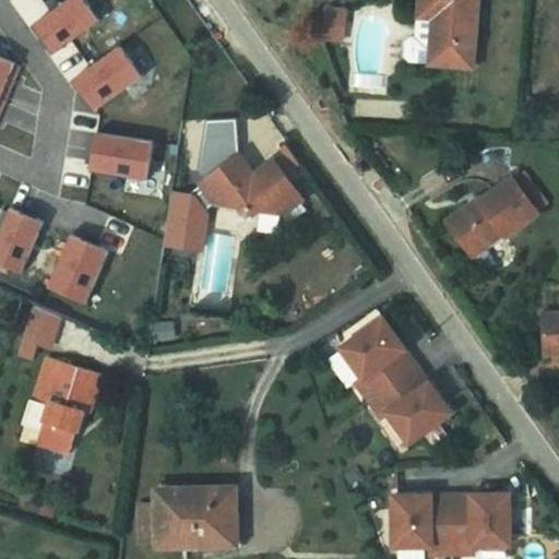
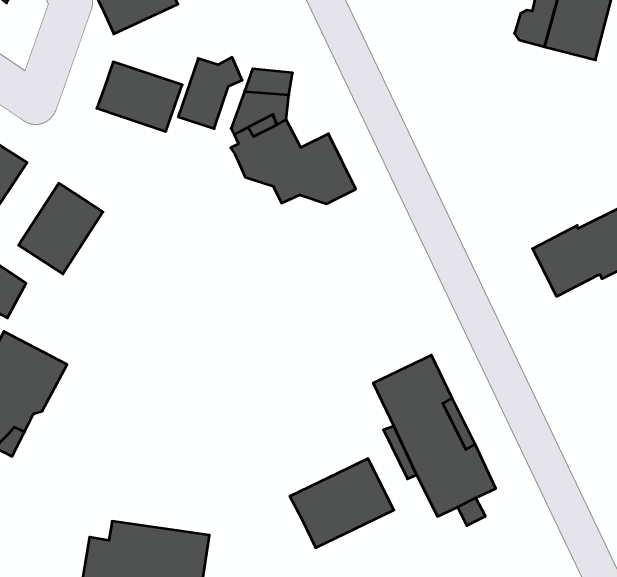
building: [169,189,214,247] -> [178,57,242,129]
building: none -> [290,459,394,548]

